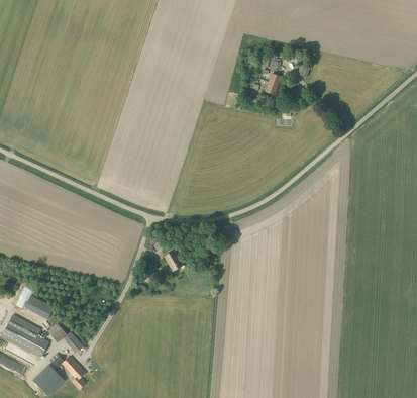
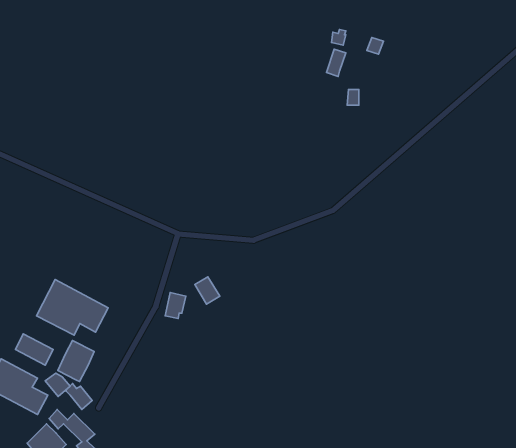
building: none -> [37,280,108,335]
building: none -> [58,340,94,382]

